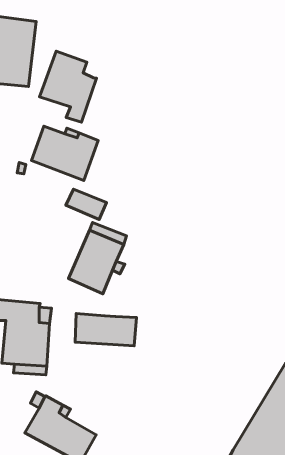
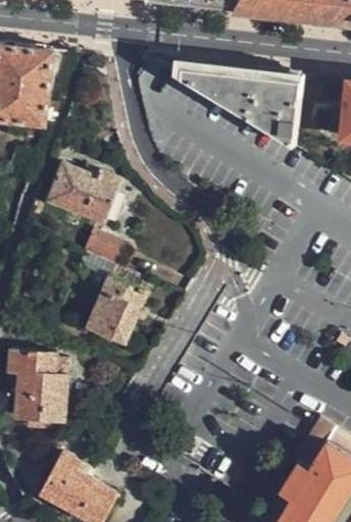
building: none -> [183,64,303,147]
building: [40,51,97,122] -> none
building: [75,313,136,346] -> none

